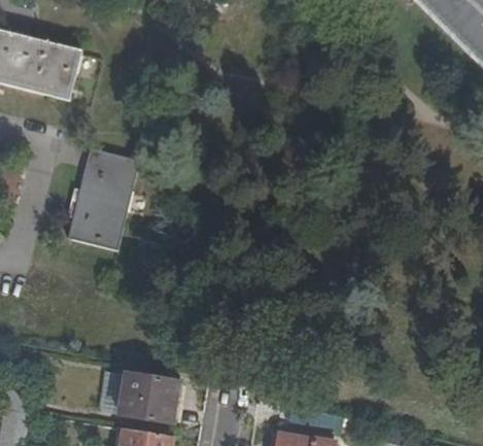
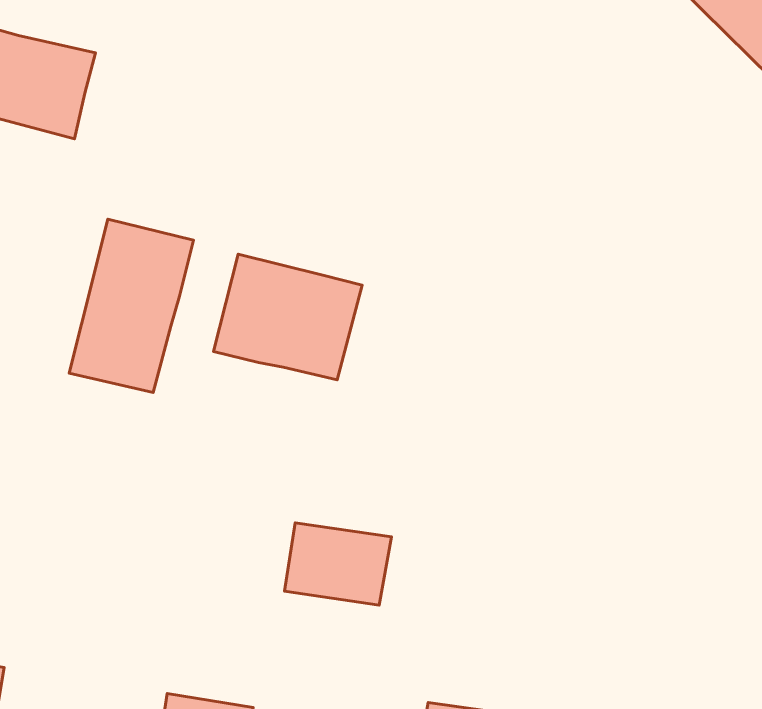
building: none -> [213,254,362,380]
building: [119,374,182,422] -> [285,523,391,605]

